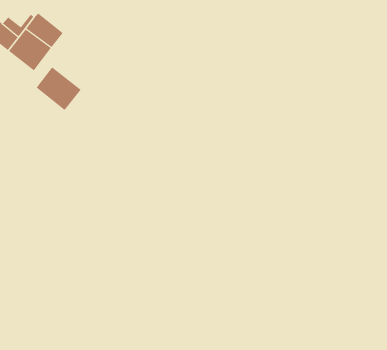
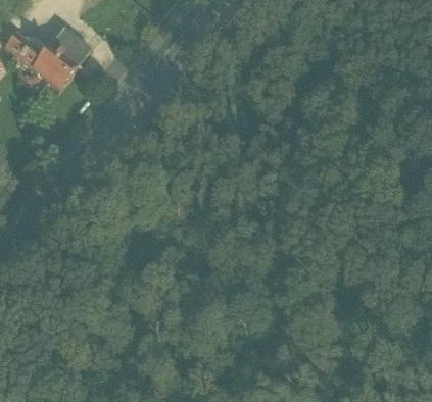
building: [36,67,82,111] -> none

